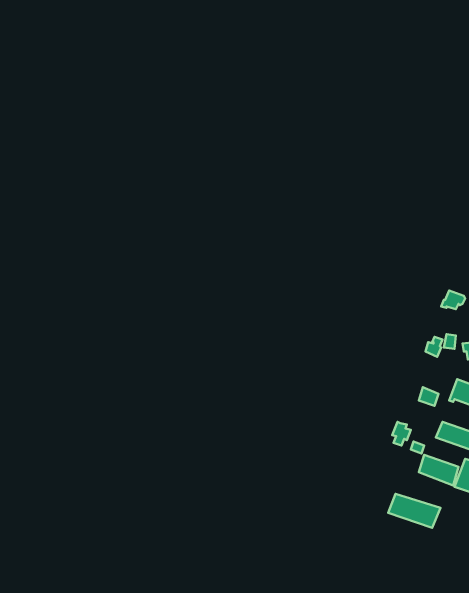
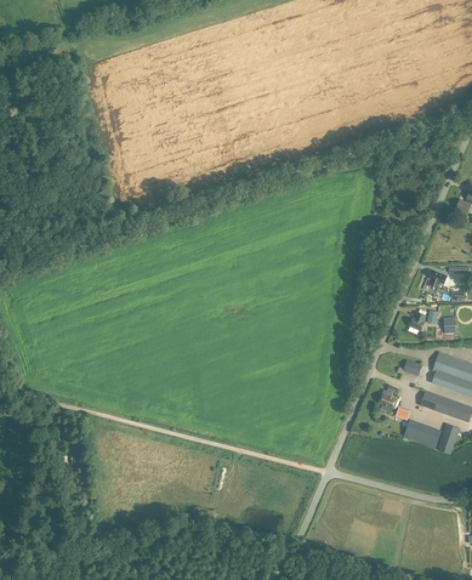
building: [388,494,440,528] -> none

